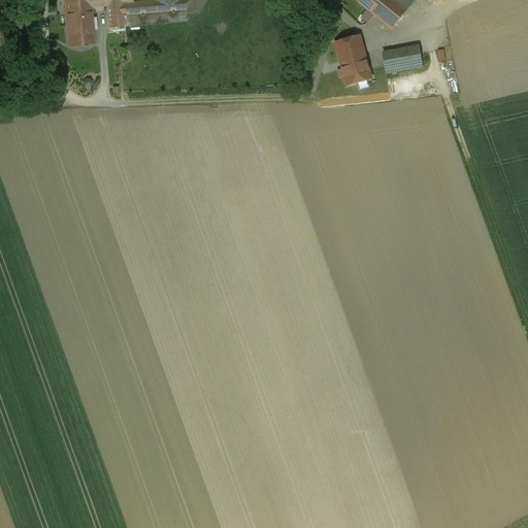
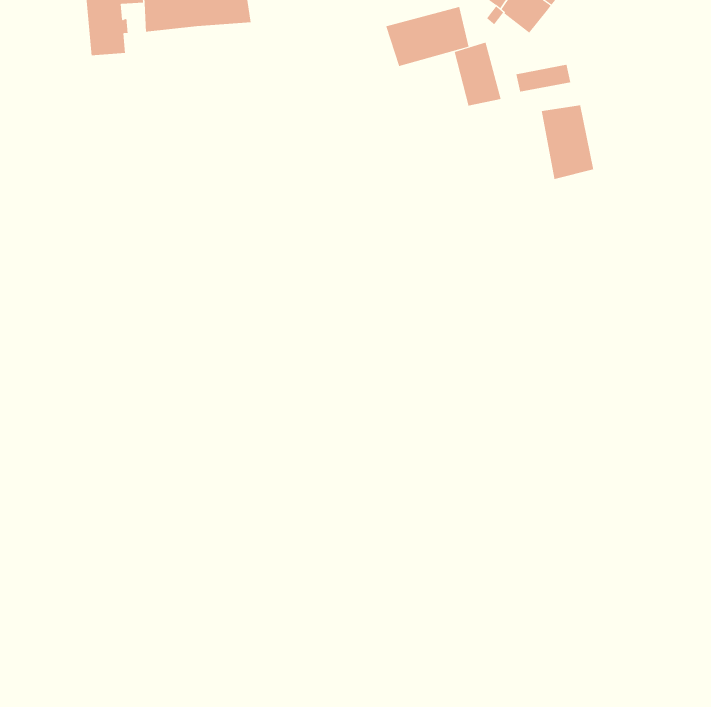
building: none -> [385,6,469,67]
building: none -> [541,105,594,180]

